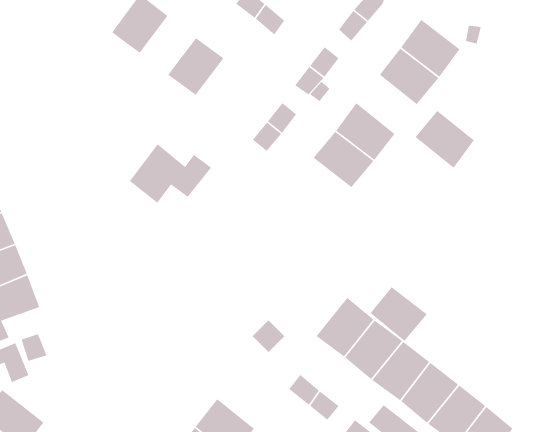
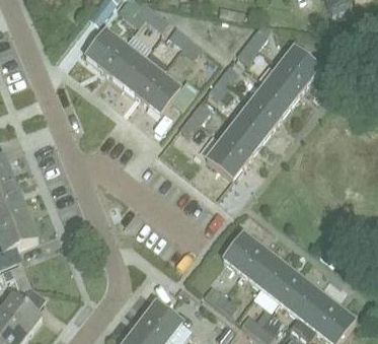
building: none -> [104,43,142,82]
building: [414,110,475,169] -> [249,82,290,122]
building: [129,143,212,204] -> [142,71,198,112]
building: none -> [206,138,246,178]
building: [369,286,428,342] -> none

